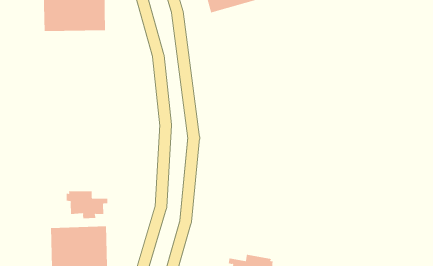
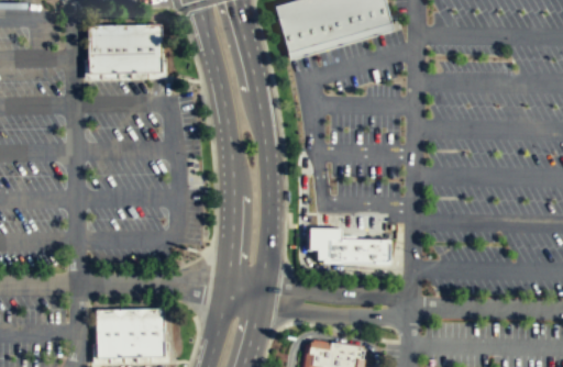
building: none -> [310,230,390,265]
building: [66,190,108,219] -> none

